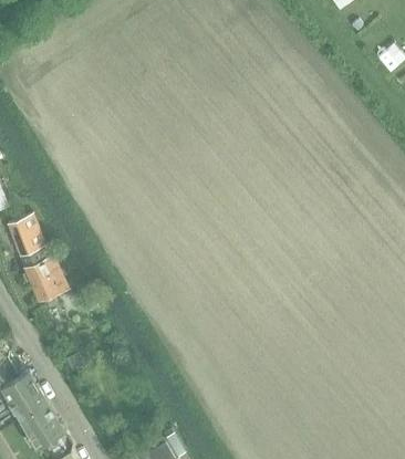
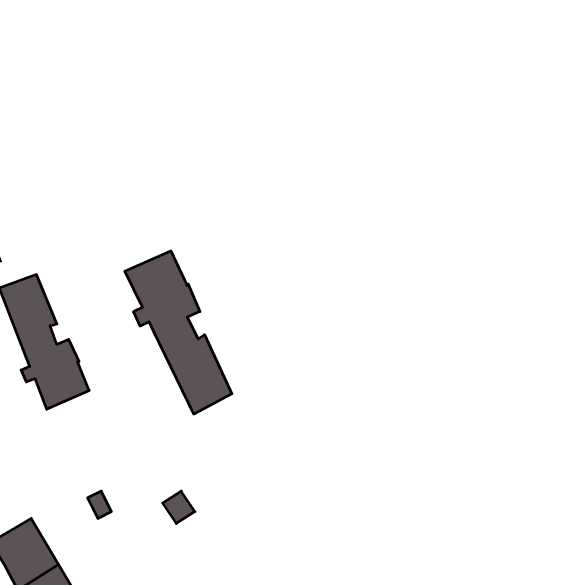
building: none -> [125,251,232,414]

